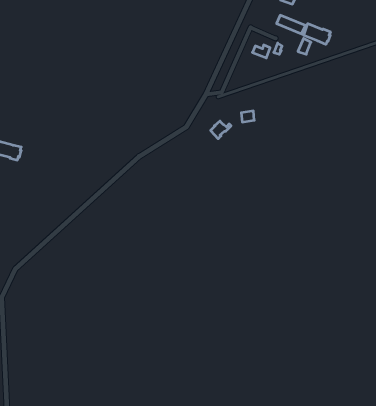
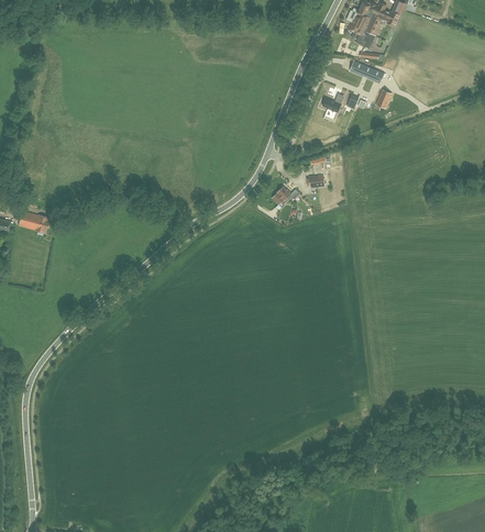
building: [304,24,330,44] -> none

